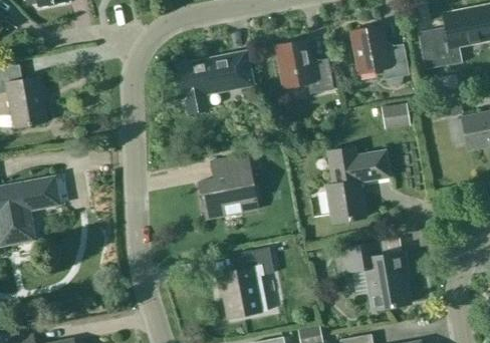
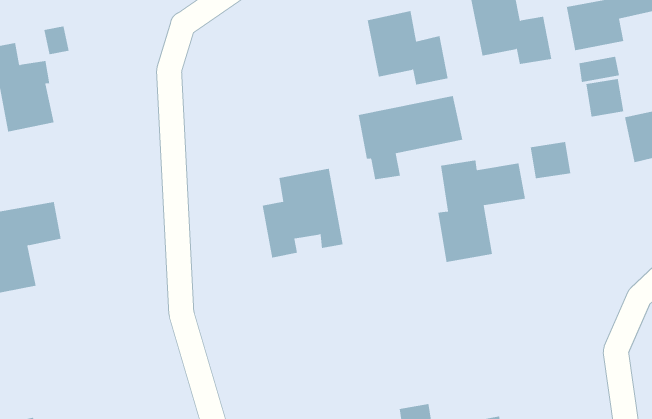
building: [177,52,253,113] -> [358,95,463,180]
building: [381,100,411,127] -> [530,142,571,179]
building: [342,242,411,310] -> none
building: [217,248,274,319] -> none

